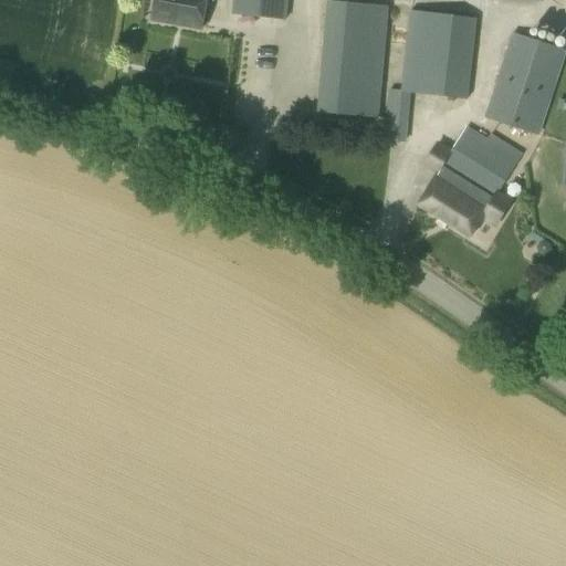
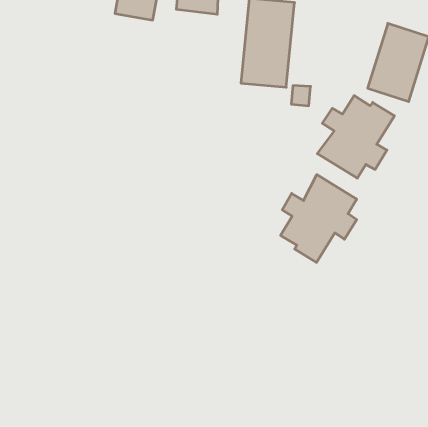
building: [402,10,479,96] -> none
building: none -> [281,175,357,262]

